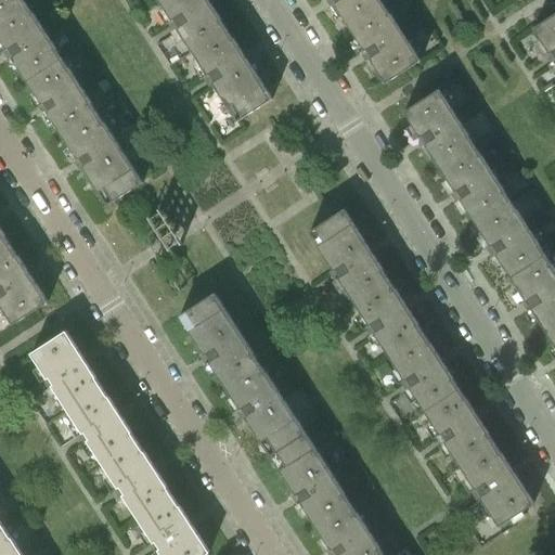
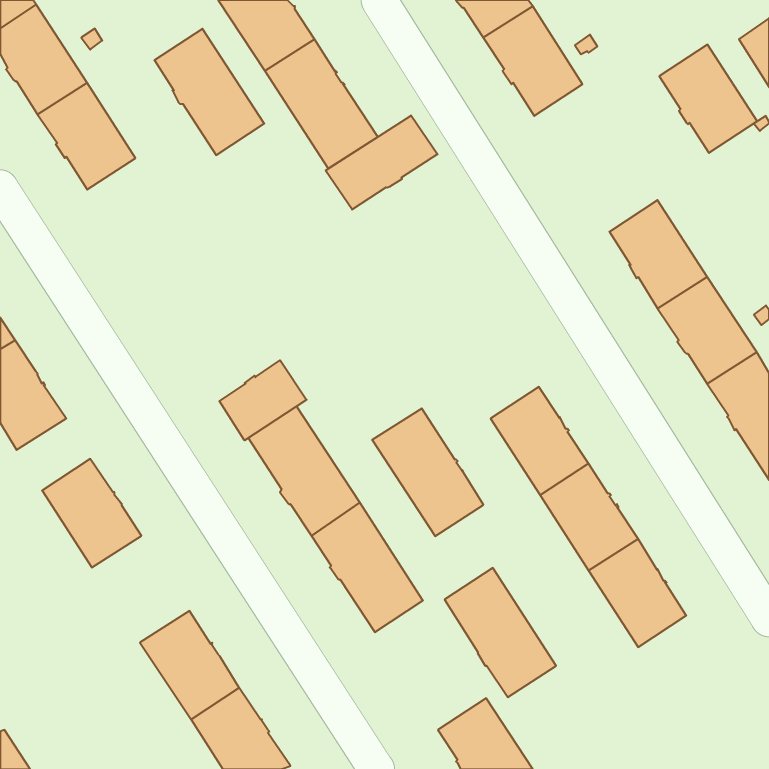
building: none -> [326,115,438,210]
building: [403,89,474,167] -> [659,45,757,153]
building: [63,114,142,205] -> [154,29,264,155]
building: [308,209,388,301] -> [372,408,483,536]
building: none -> [219,360,307,440]
building: [66,386,137,463] -> none
building: [270,433,350,526] -> [445,568,556,697]
building: [460,443,533,526] -> none

